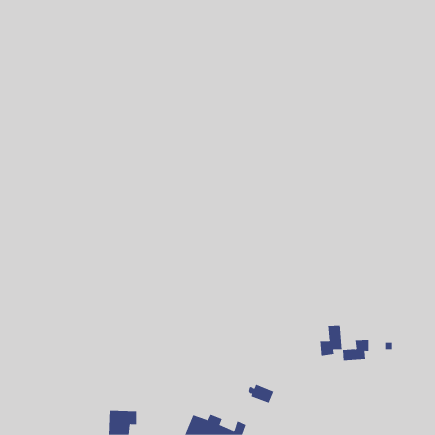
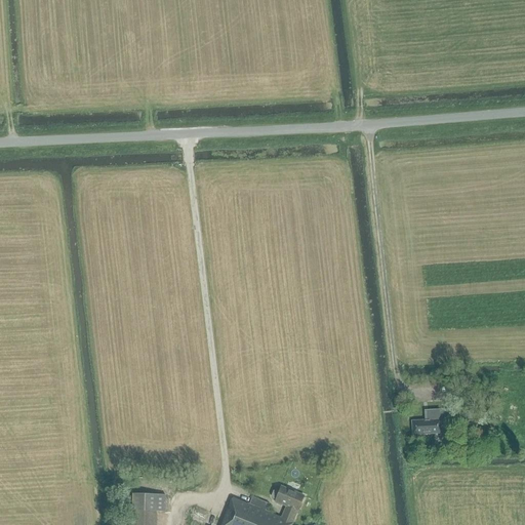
building: [320,325,342,357] -> none
building: [248,384,274,403] -> [273,486,305,510]

